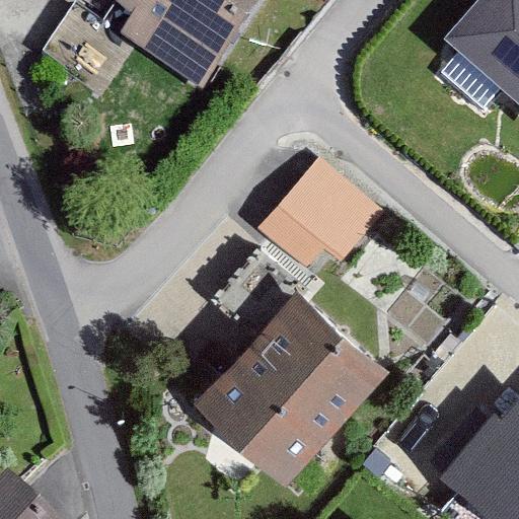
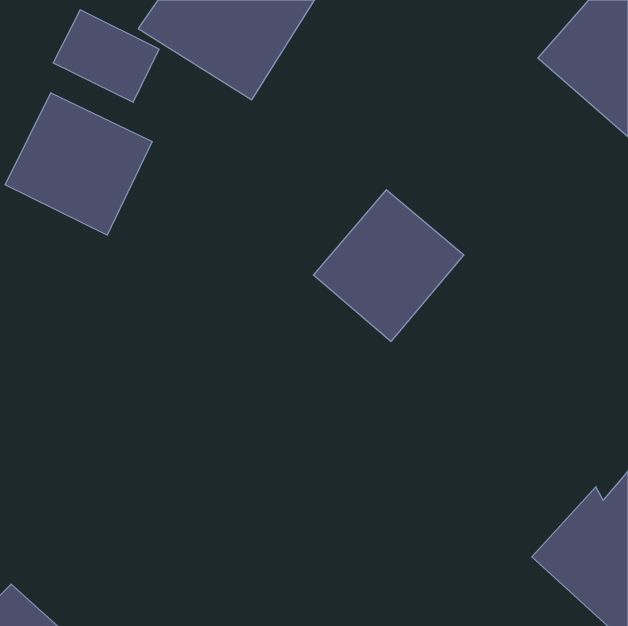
building: none -> [5,93,152,235]
building: [208,291,380,467] -> none

